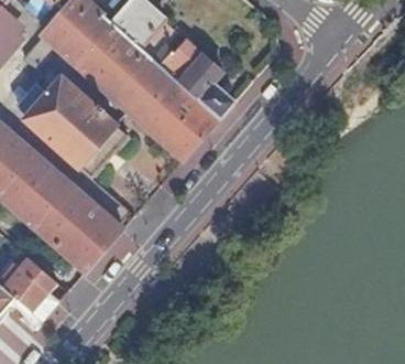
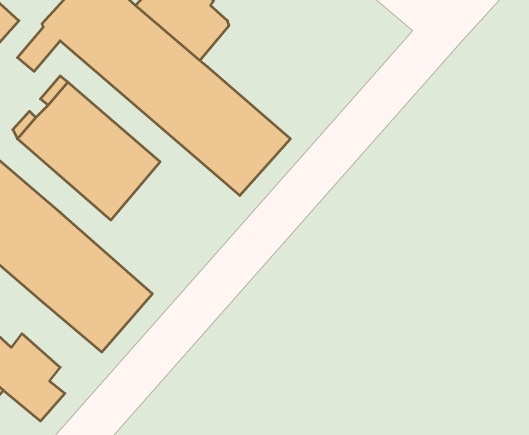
building: [160,38,234,116] -> none

